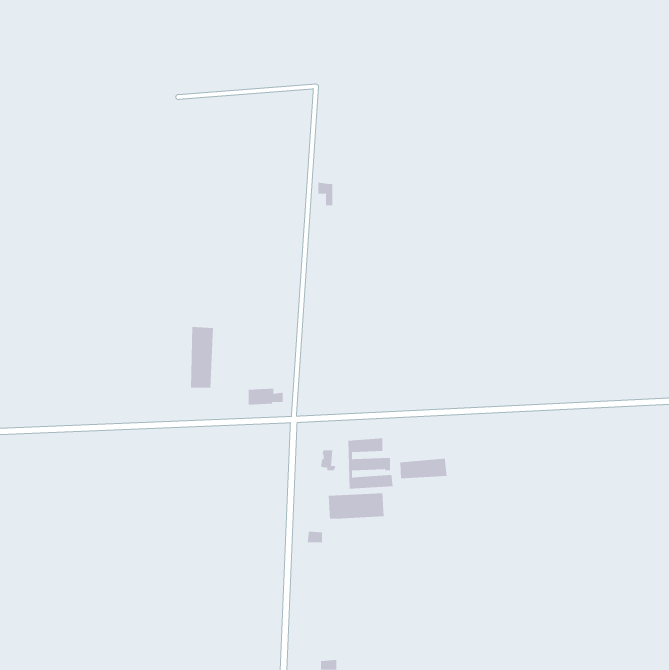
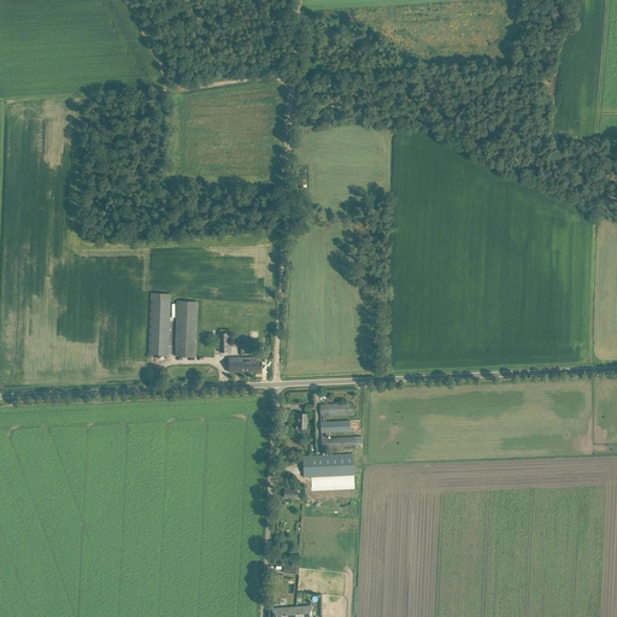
building: none -> [147,293,170,357]
building: [400,458,447,479] -> none

